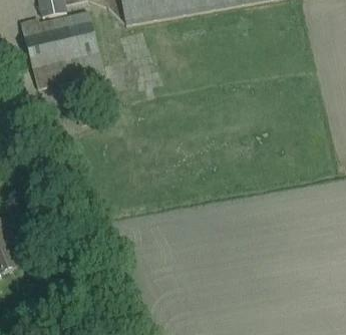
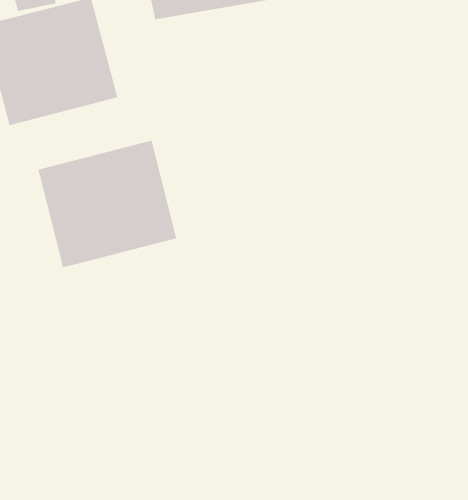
building: none -> [38,140,177,268]

